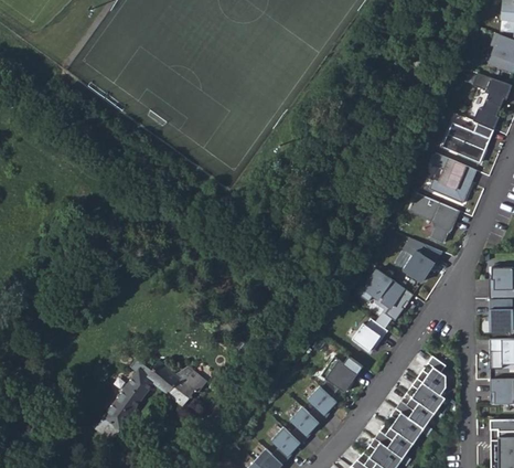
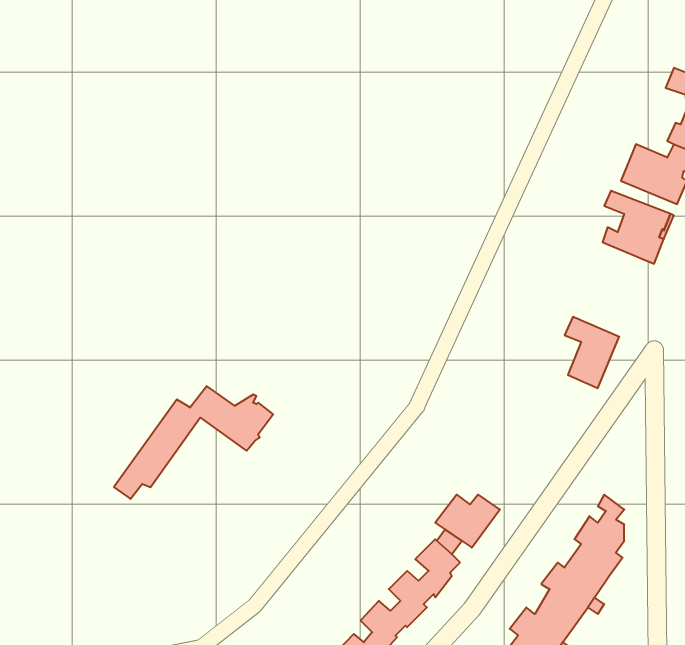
building: [411,193,461,243] -> none
building: [356,268,414,320] -> none
building: [352,318,388,350] -> none
building: [96,364,202,439] -> [114,386,273,499]

